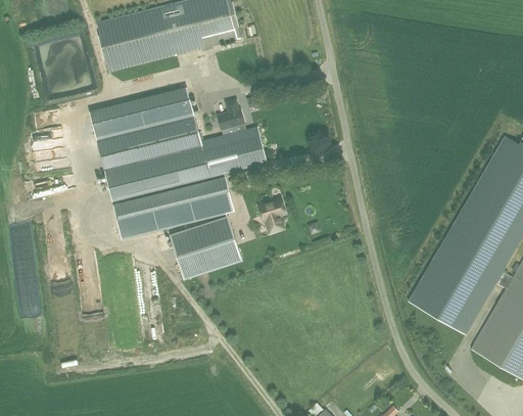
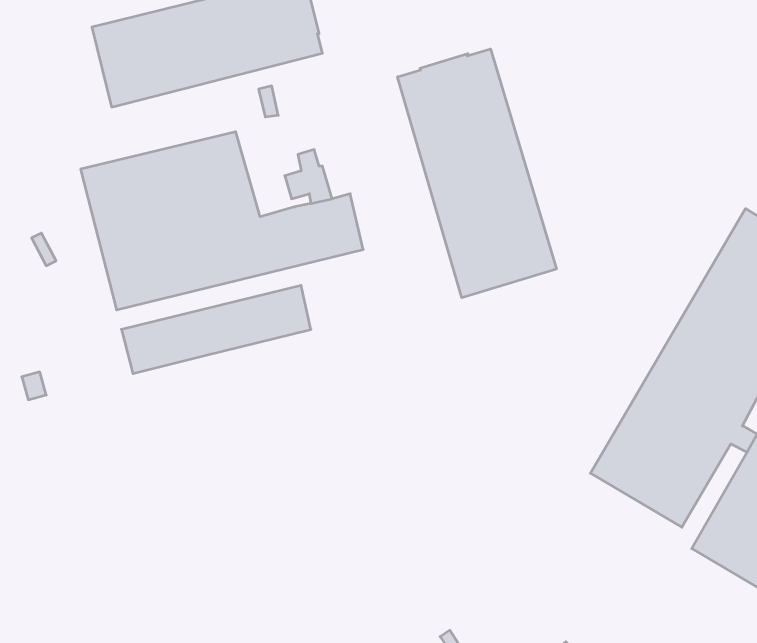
building: none -> [398,49,556,298]
building: [256,198,284,232] -> none
building: [170,216,241,279] -> none

